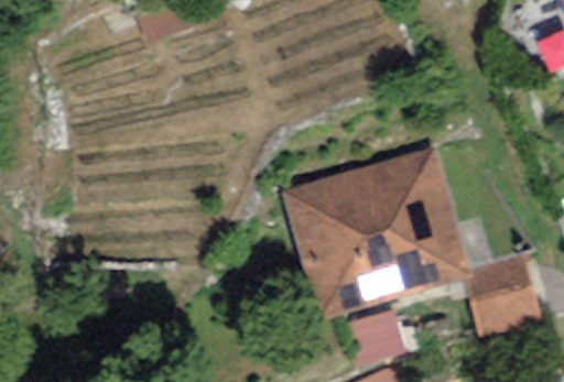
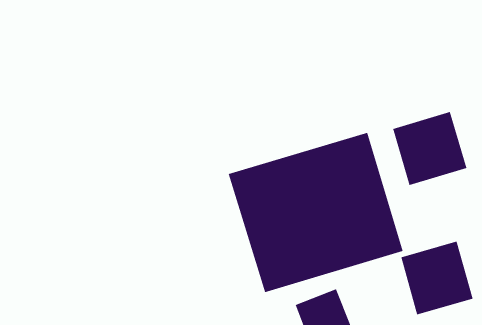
building: none -> [392,111,467,186]

